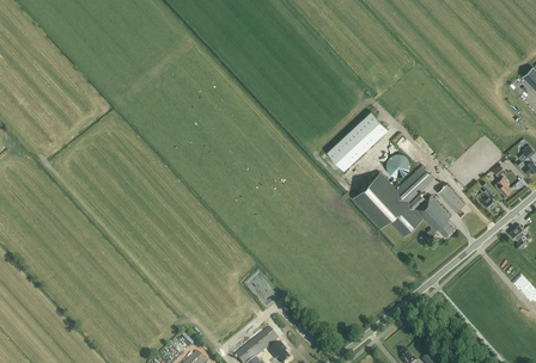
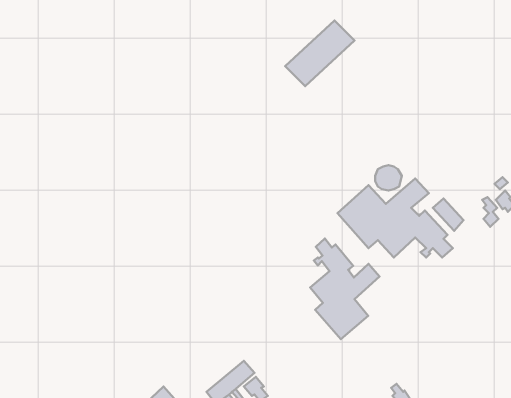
building: [327,111,389,170] -> [285,20,355,86]
building: none -> [310,239,379,339]

